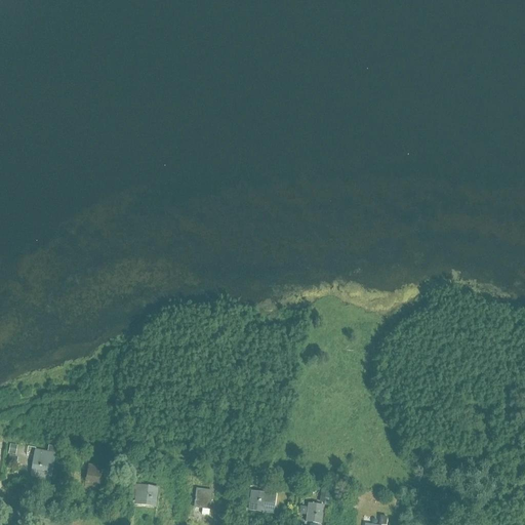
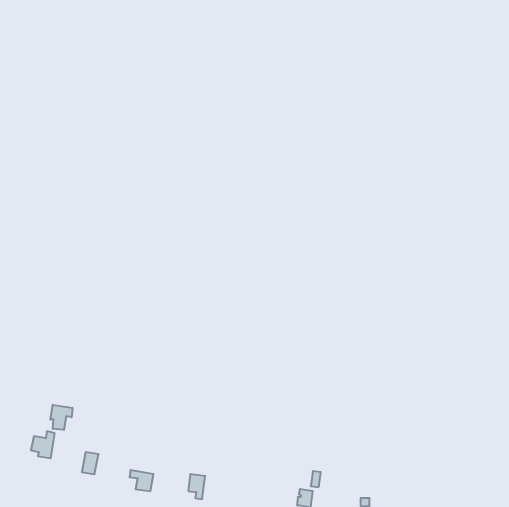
building: none -> [50,405,72,430]
building: [248,491,275,512] -> none

